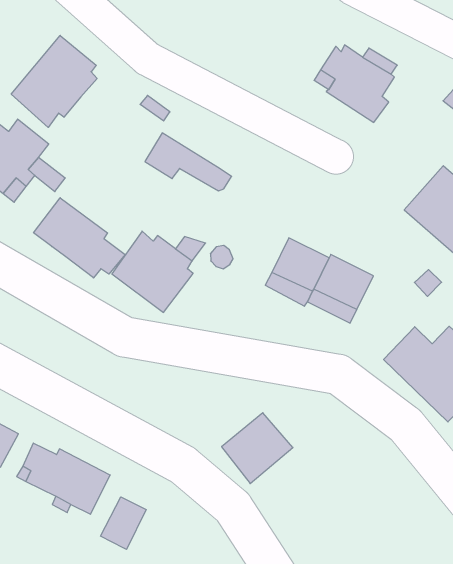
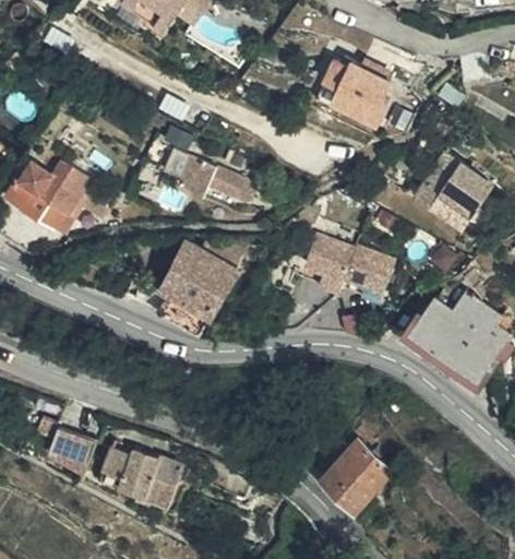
building: [11,35,97,127] -> none
building: [34,198,125,278] -> none
building: [222,413,293,484] -> [323,445,386,510]
building: [101,497,146,549] -> none

